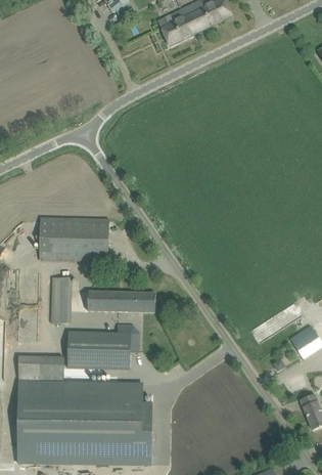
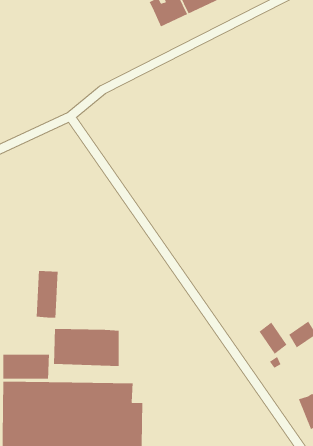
building: [39,217,108,261] -> none
building: [87,291,155,311] -> none
building: none -> [259,322,287,355]

